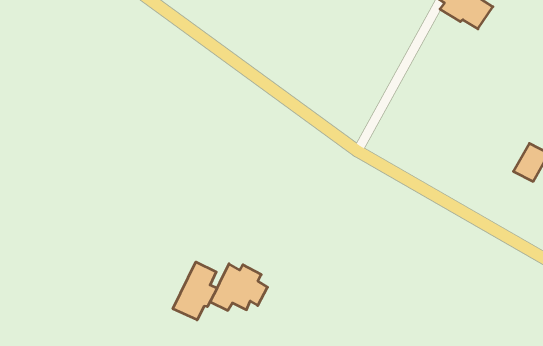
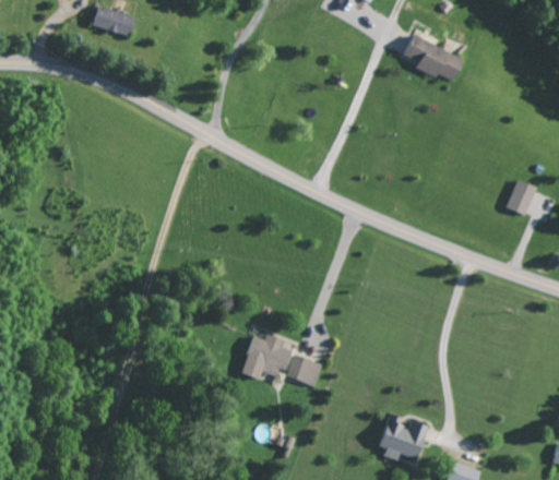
building: [173,262,217,320] -> none
building: none -> [287,356,322,385]

